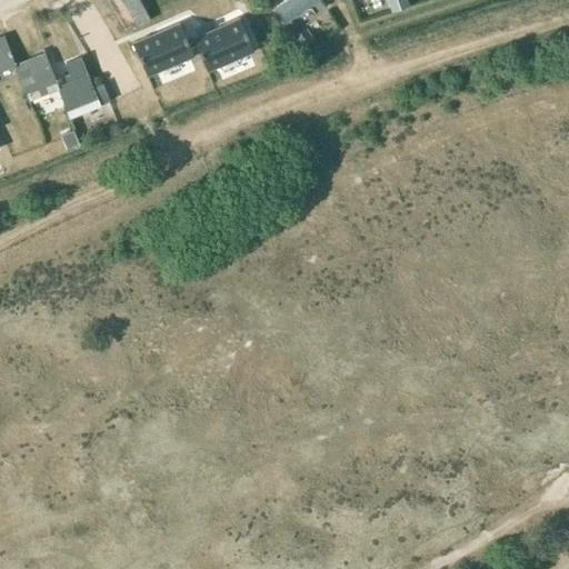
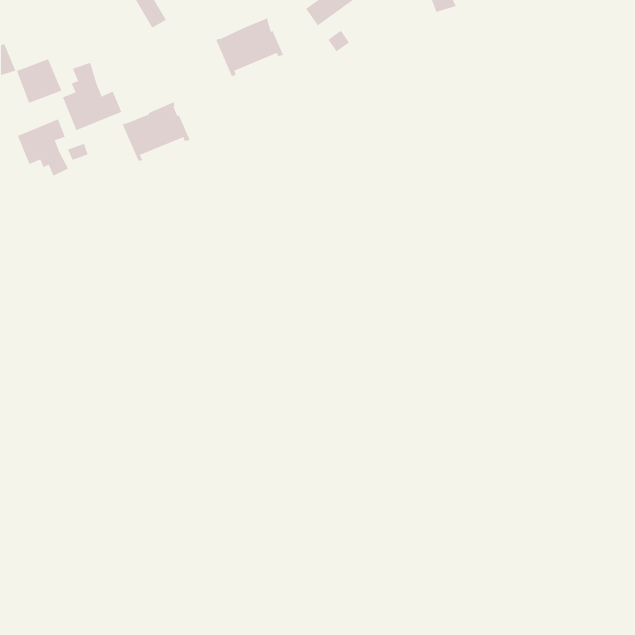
building: [133,20,194,73] -> [122,102,190,161]
building: none -> [17,119,69,176]

